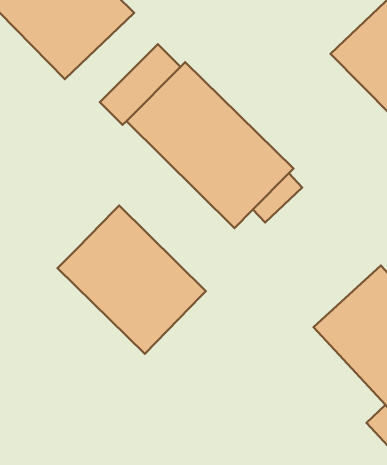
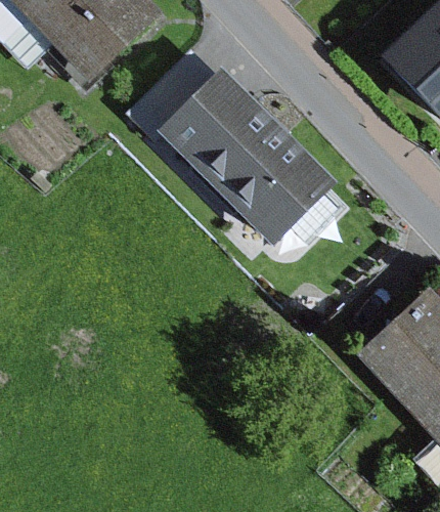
building: [57,206,206,354] -> none

